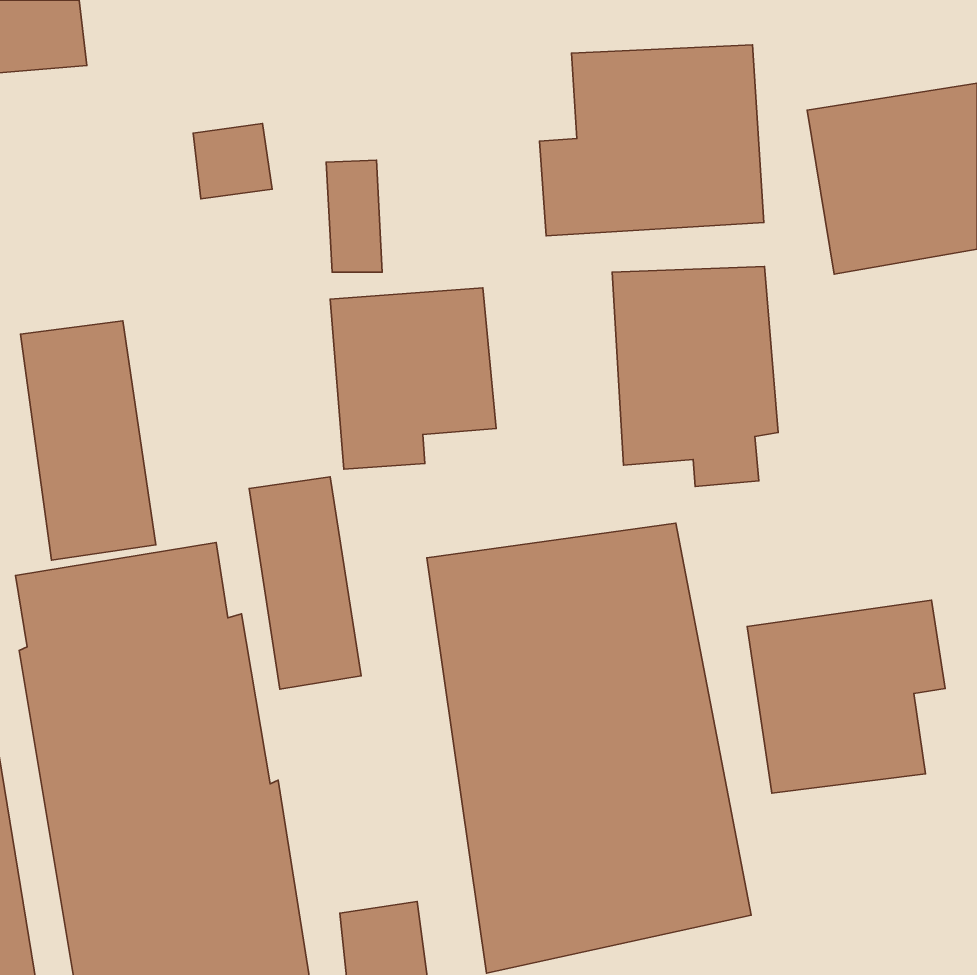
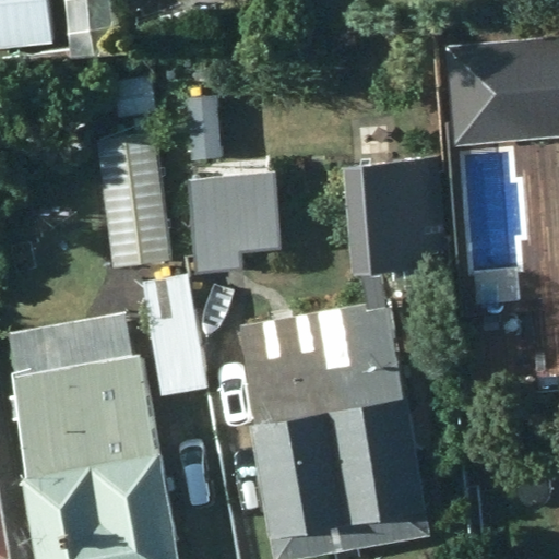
building: [540,45,764,236] -> none
building: [21,321,156,560] -> [95,131,171,266]
building: [747,600,945,793] -> none

